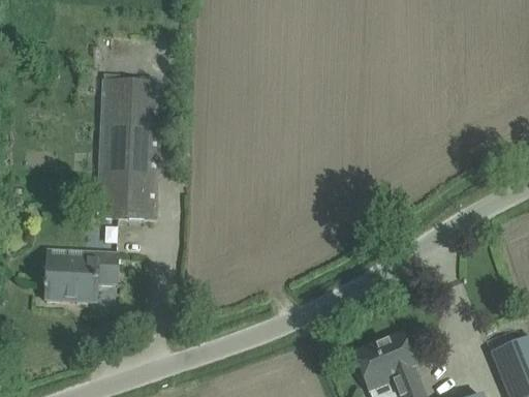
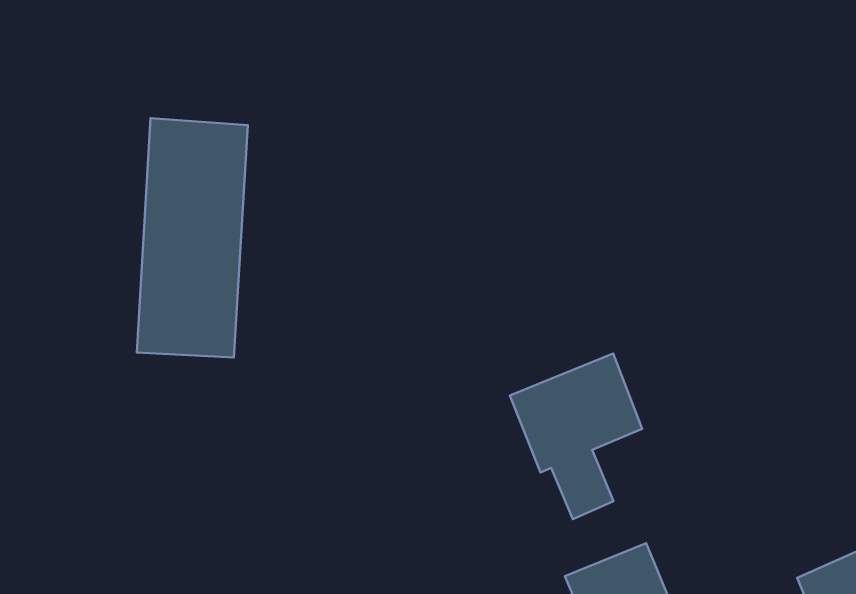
building: none -> [510,354,642,519]
building: [43,249,118,300] -> none

